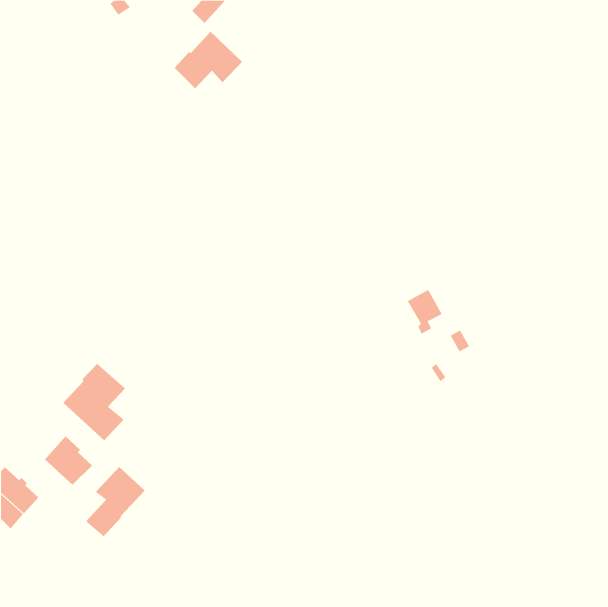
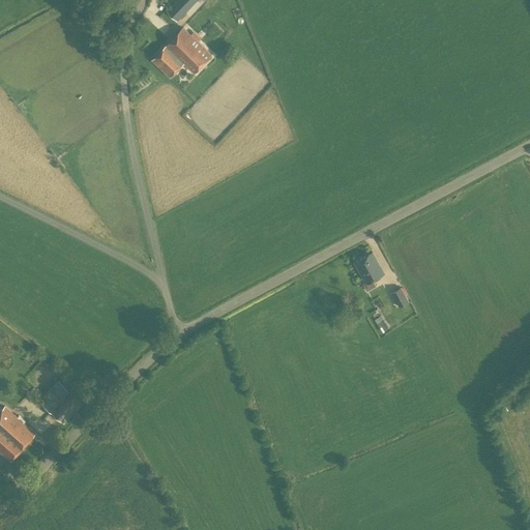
building: [62,363,126,441] -> none
building: [85,466,145,537] -> none

